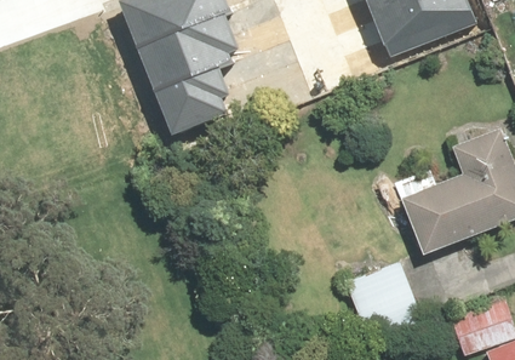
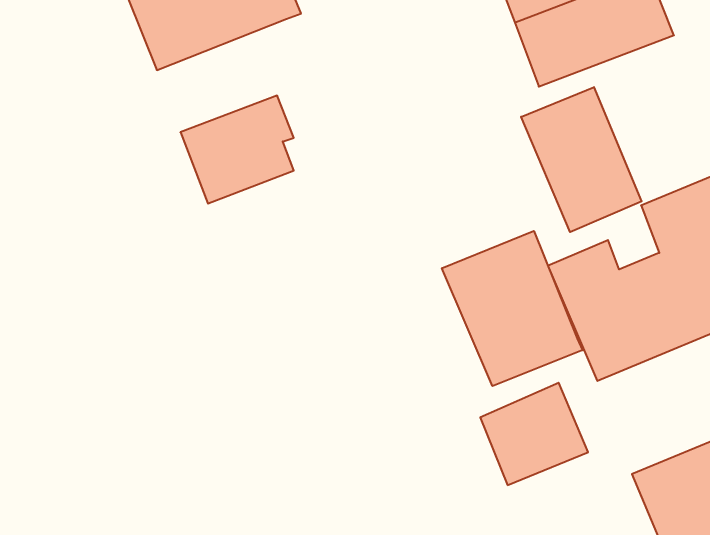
building: [137,15,236,90] -> none
building: none -> [521,87,642,232]
building: none -> [442,231,583,386]

